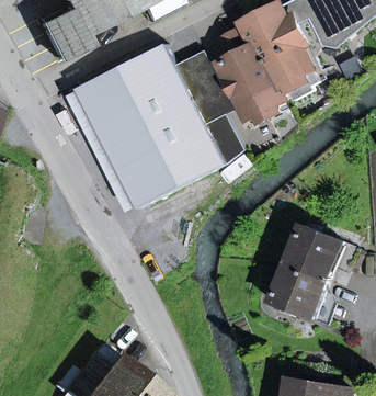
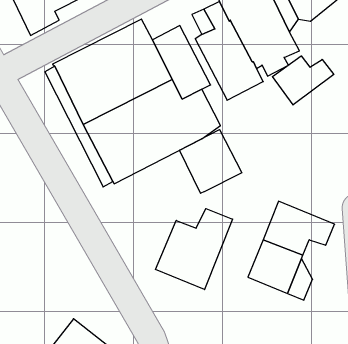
building: none -> [272,56,334,105]
building: none -> [180,130,242,193]
building: none -> [156,209,233,290]

